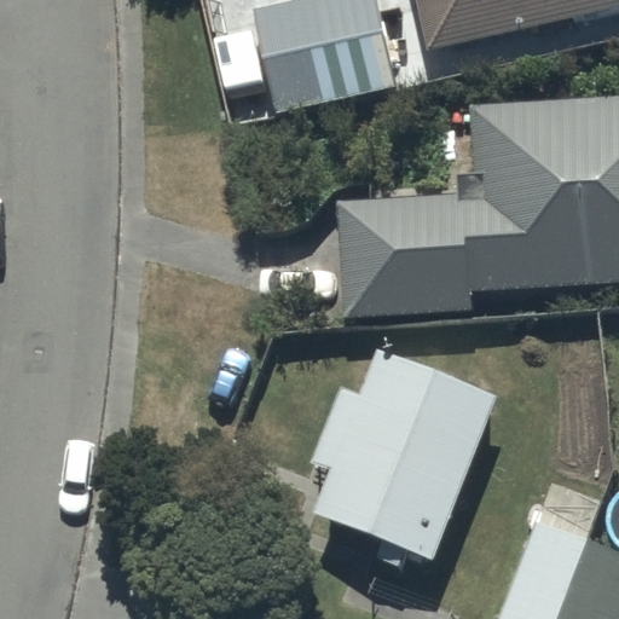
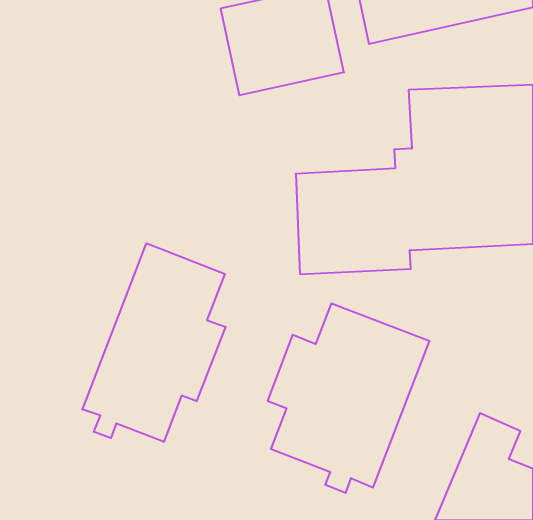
building: none -> [82,243,226,442]

